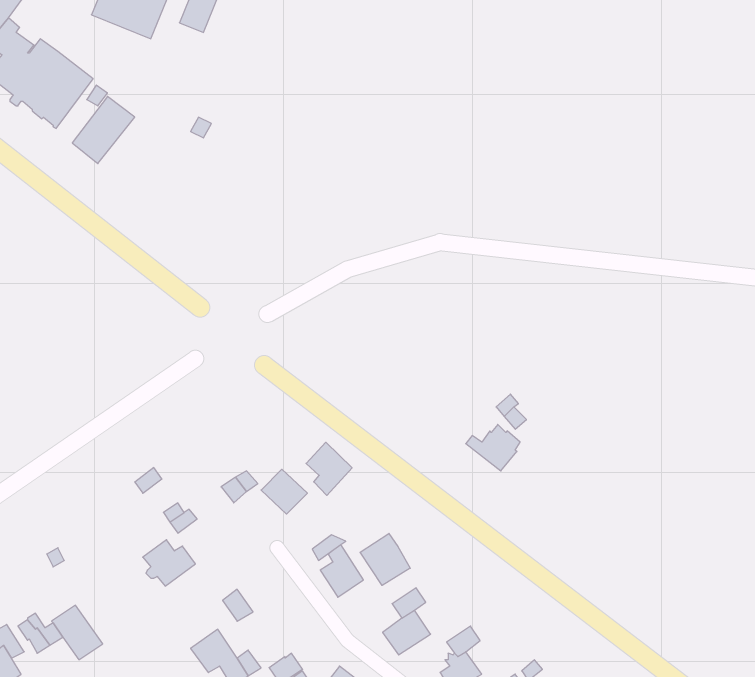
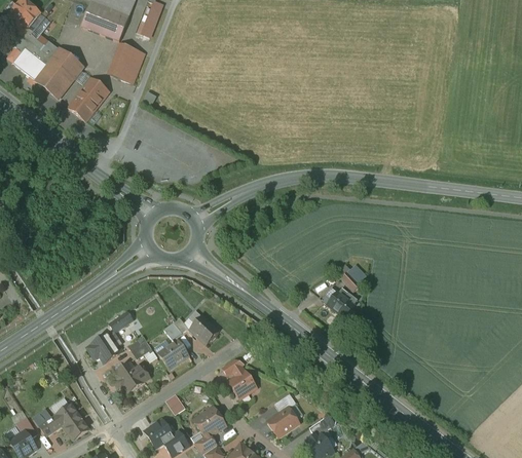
building: none -> [113,45,145,84]
building: [306,442,352,495] -> none
building: none -> [87,335,120,364]
building: none -> [158,340,188,370]
building: [360,533,410,585] -> none
building: none -> [196,408,225,438]

